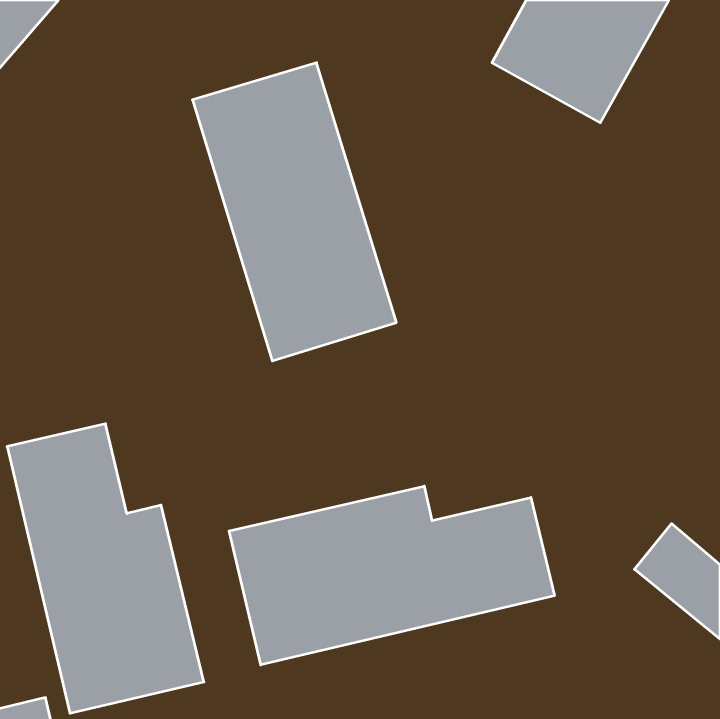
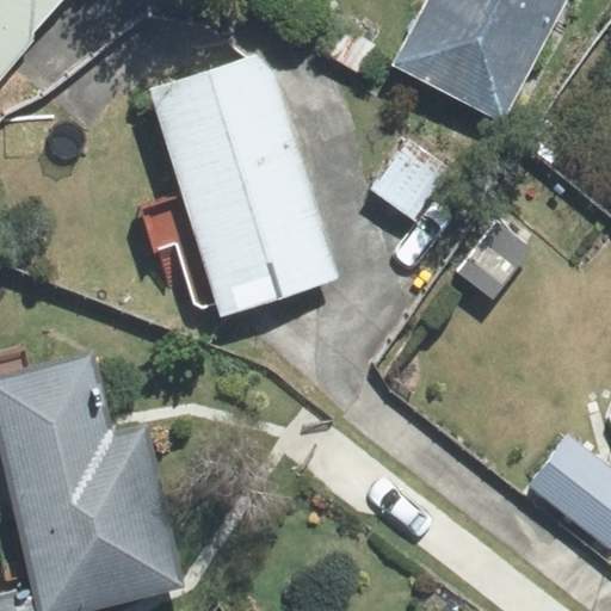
building: [229,486,554,665] -> none

